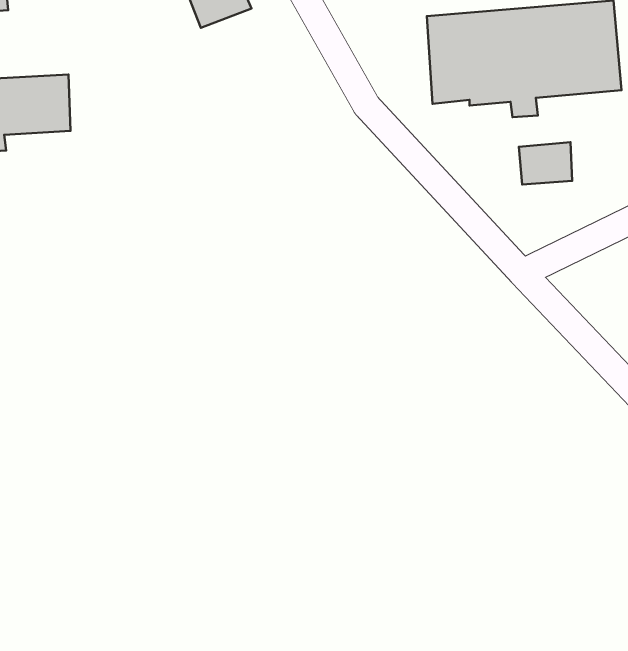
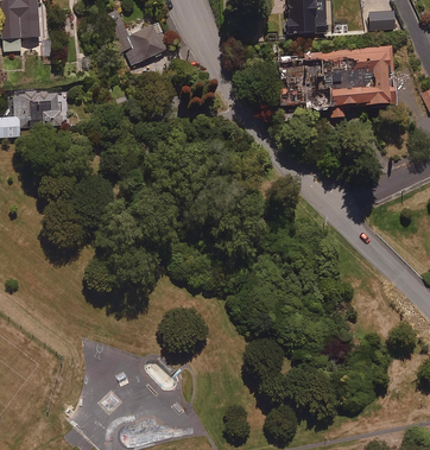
building: [519,142,572,185] -> none

